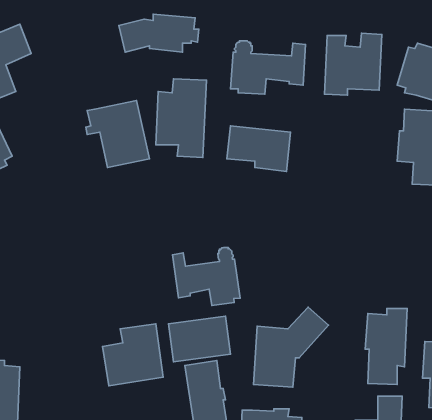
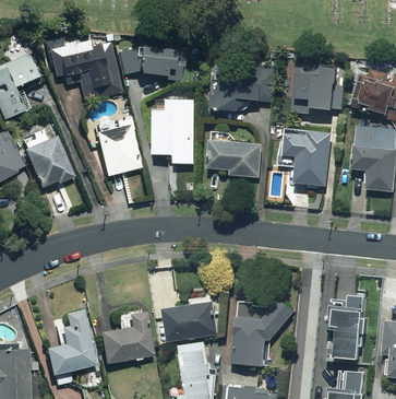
building: none -> [51,36,122,99]
building: none -> [23,126,76,186]
building: none -> [280,129,334,186]
building: [173,247,240,305] -> none
building: none -> [48,308,96,385]

